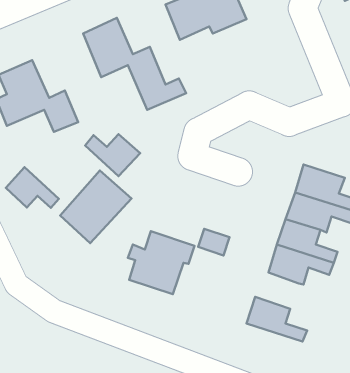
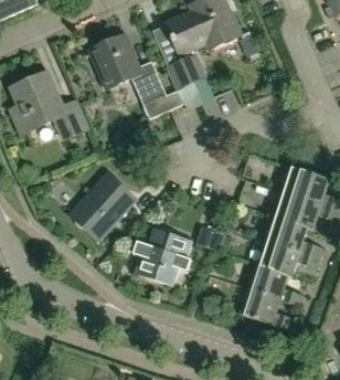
building: none -> [168,54,203,86]
building: [85,134,140,176] -> none
building: [6,167,59,208] -> none
building: none -> [247,264,302,305]

